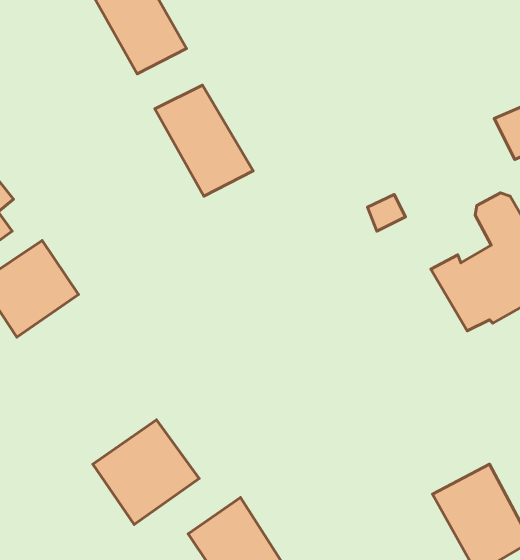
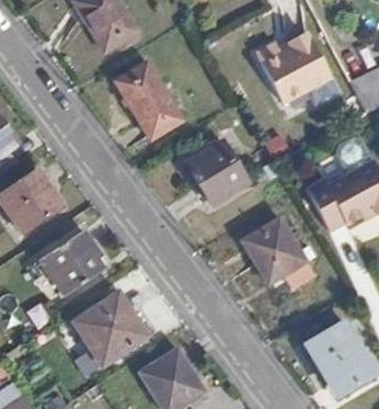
building: none -> [261,36,331,103]
building: none -> [187,141,246,202]
building: none -> [241,218,312,287]
building: none -> [41,230,102,296]

